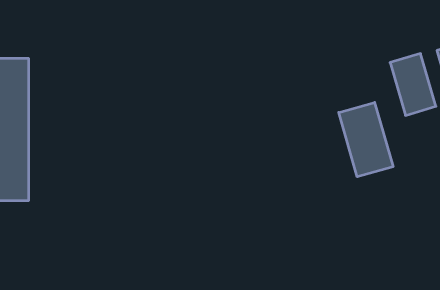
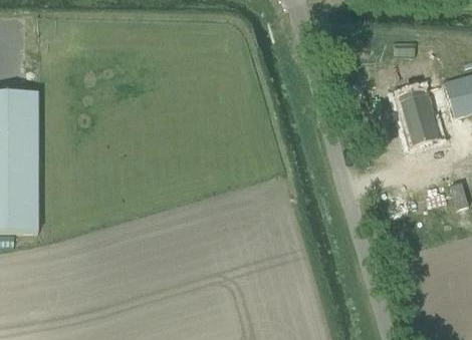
building: [339,102,393,177] -> none

